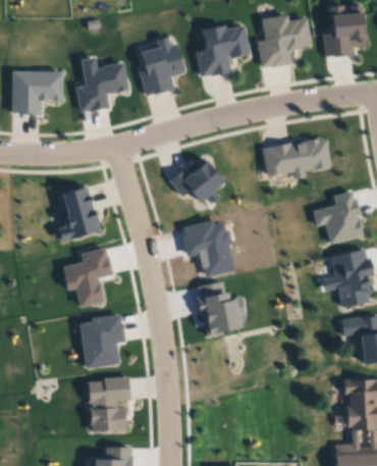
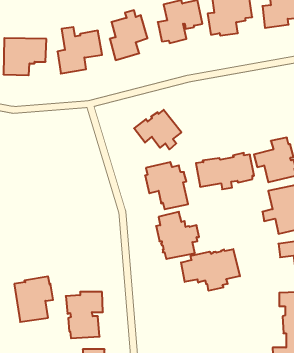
building: [262,136,332,179] -> [196,153,254,189]
building: [57,186,100,242] -> none
building: [62,249,112,308] -> none
building: [78,314,125,369] -> [14,276,53,322]
building: none -> [181,249,240,291]

